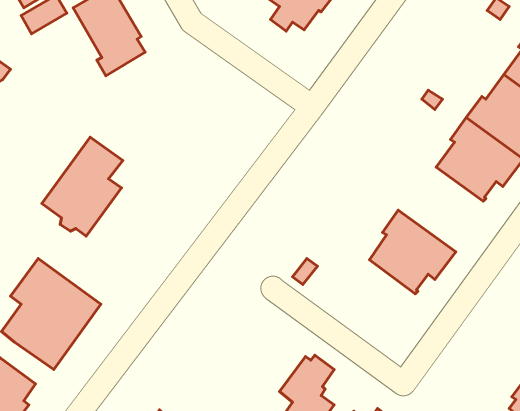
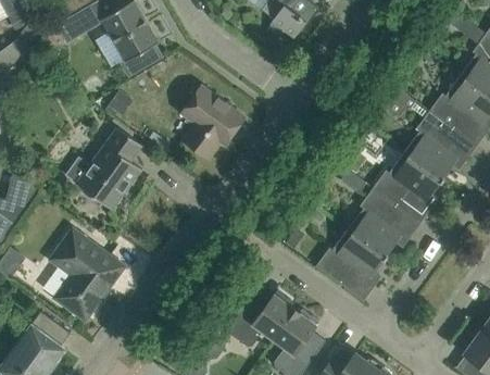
building: none -> [180,85,244,159]
building: none -> [372,152,442,223]
building: none -> [315,229,386,301]
building: none -> [226,290,294,347]

